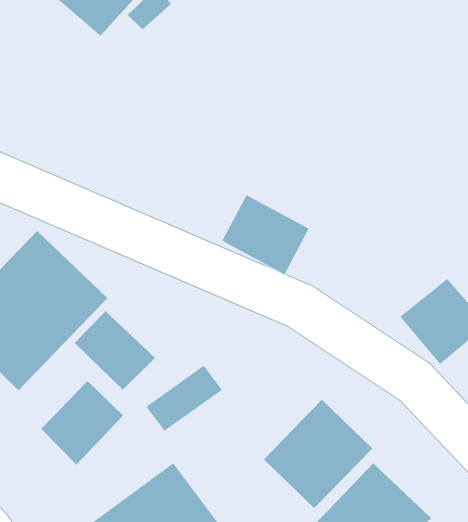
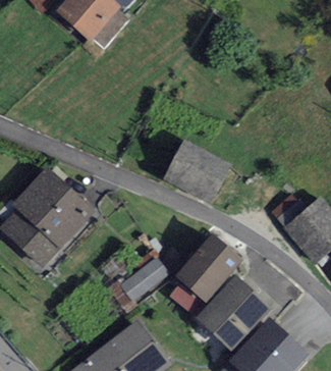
building: [74,310,156,390] -> none
building: none -> [174,236,241,305]
building: [40,380,124,466] -> none

